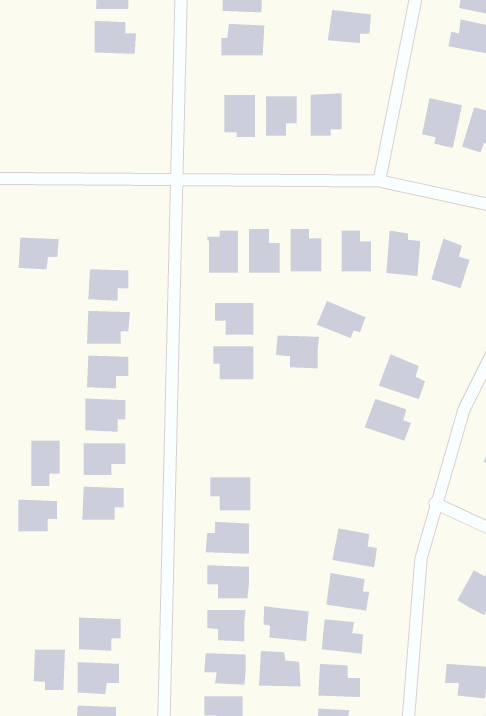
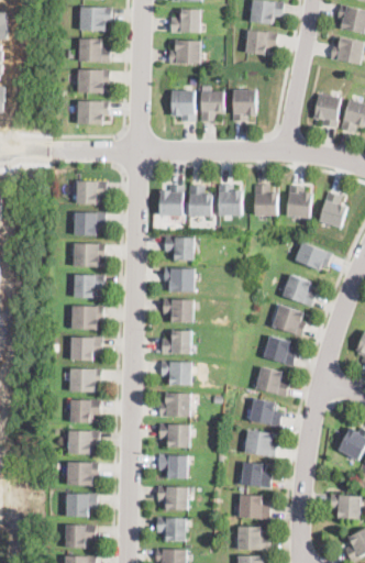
building: none -> [79,68,109,91]
building: none -> [77,98,109,123]
building: [18,237,60,270] -> [77,181,107,205]
building: [316,300,367,339] -> [295,242,331,269]
building: [275,335,320,369] -> [162,299,193,323]
building: none -> [162,332,190,354]
building: [31,440,60,487] -> none
building: none -> [263,336,296,366]
building: none -> [255,367,288,397]
building: [18,499,58,532] -> [71,400,100,423]
building: none -> [68,430,99,454]
building: [263,606,309,642] -> none
building: [33,649,65,691] -> none
building: [259,650,301,687] -> none

